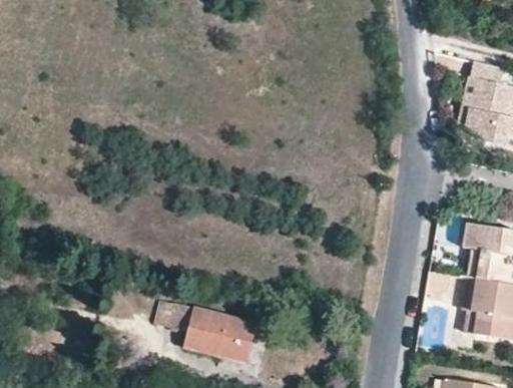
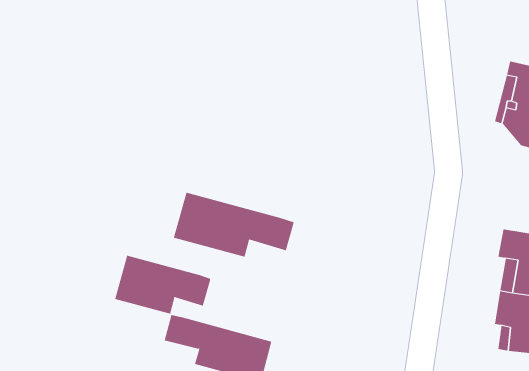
building: none -> [173,192,295,258]
building: none -> [115,255,211,314]

